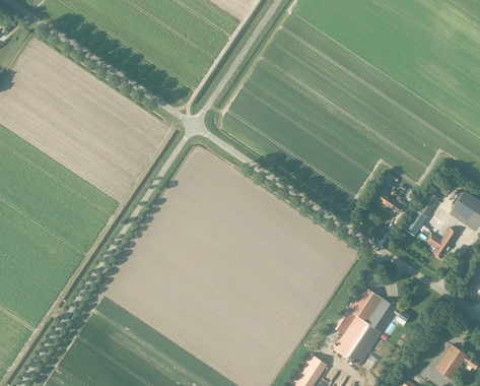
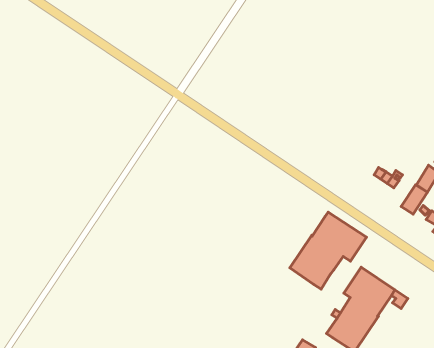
building: none -> [290,212,367,289]

